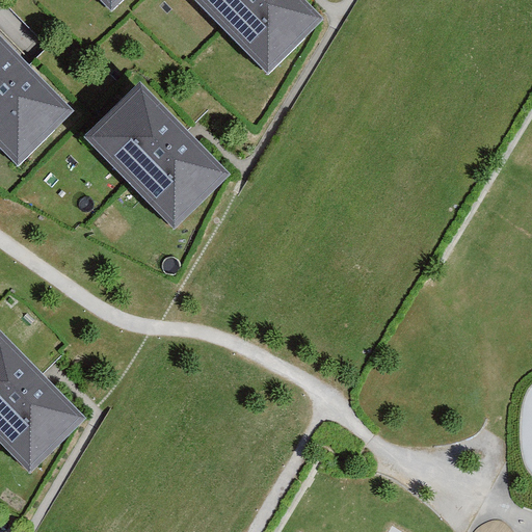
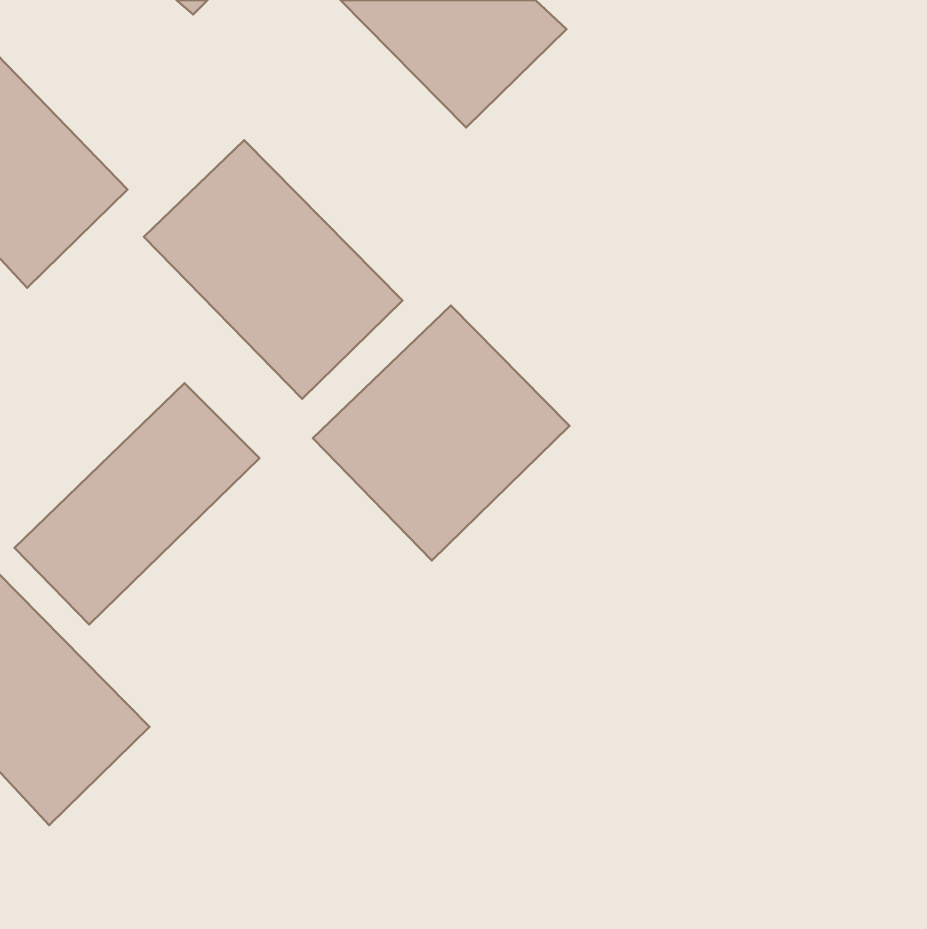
building: none -> [313,305,570,560]
building: none -> [15,383,259,625]

